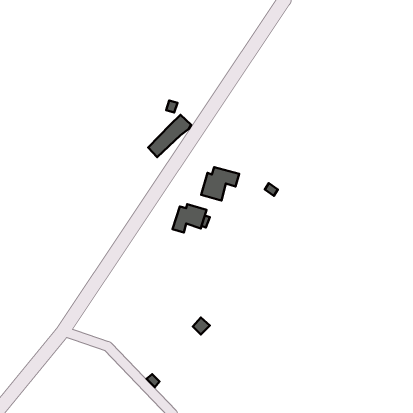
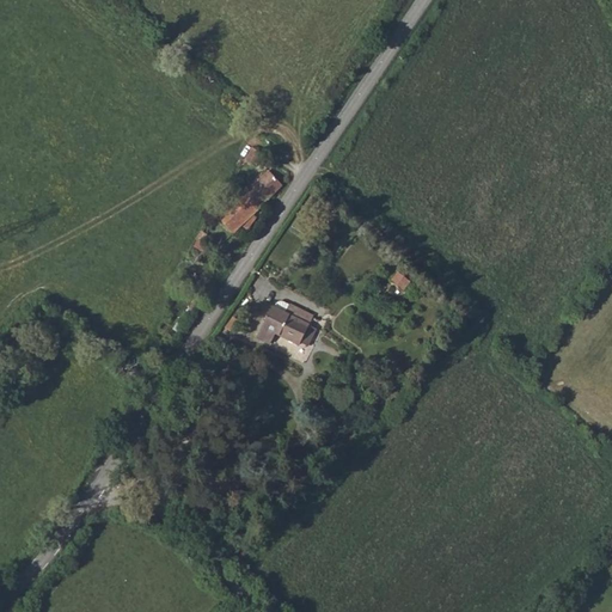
building: [201,167,239,200] -> none

